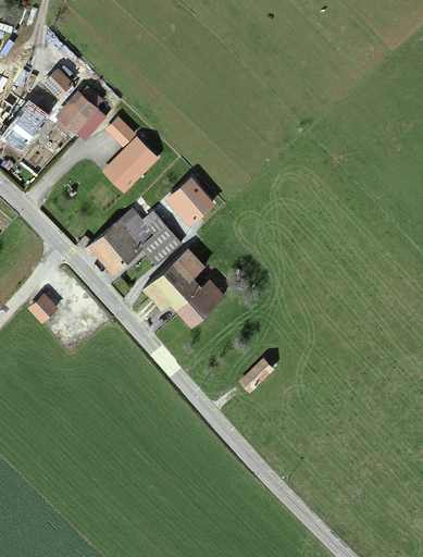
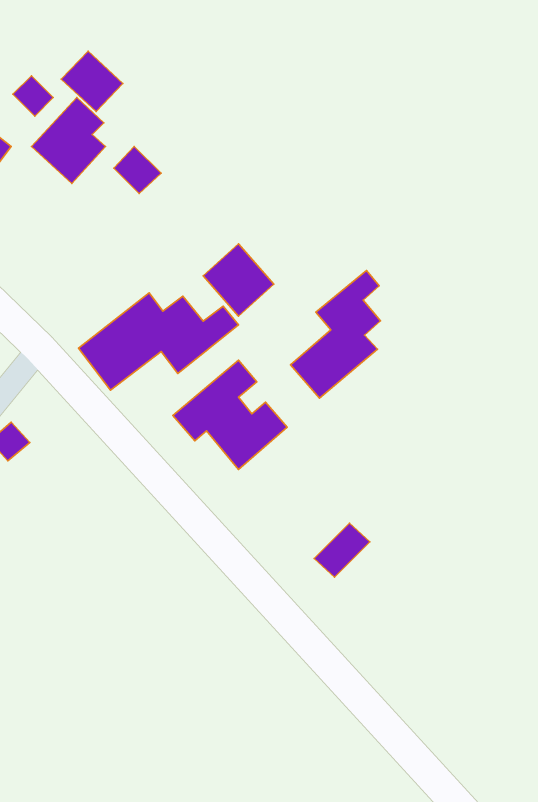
building: none -> [61,51,123,111]
building: [107,136,162,191] -> none
building: none -> [290,270,380,398]

